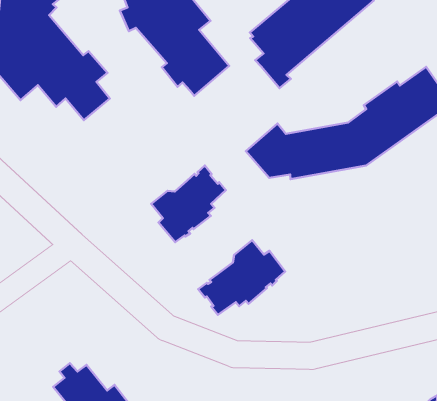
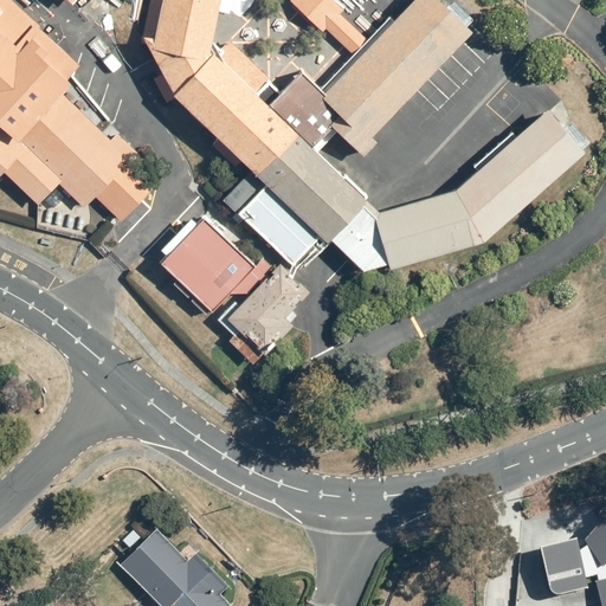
building: none -> [224,72,369,266]
building: none -> [161,214,273,315]
building: [198,240,285,315] -> none

